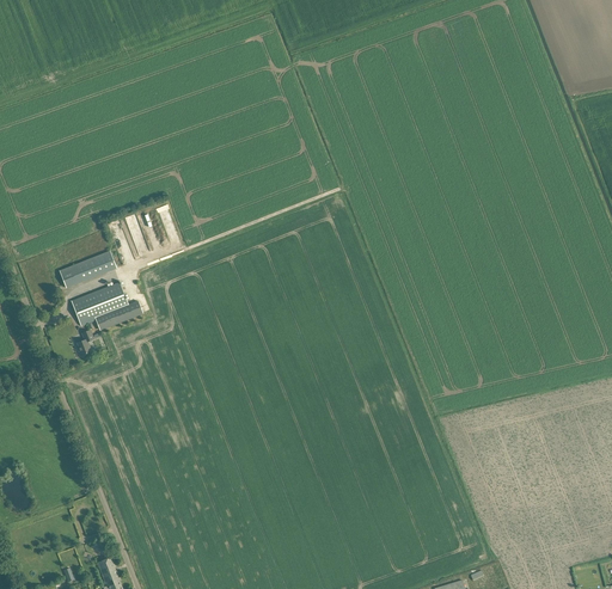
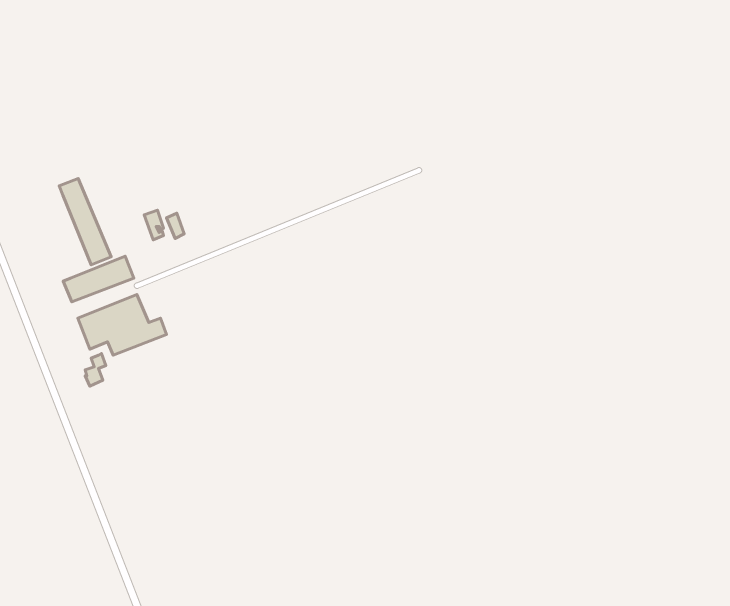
building: none -> [59,179,111,265]

